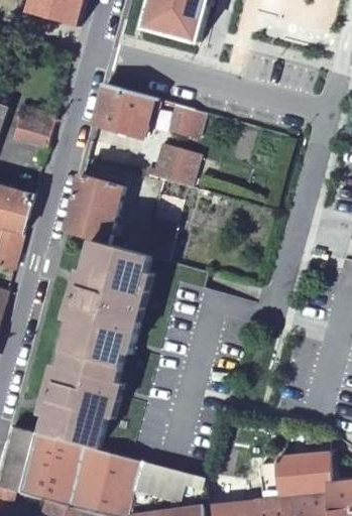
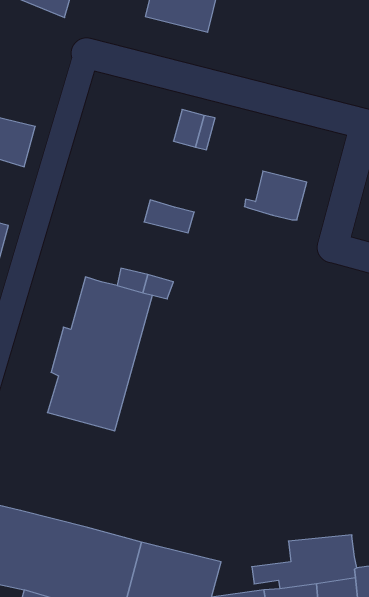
building: [93,84,158,140] -> none
building: [146,147,198,187] -> [244,171,307,220]
building: [65,175,123,245] -> none
building: [41,353,120,447] -> none

